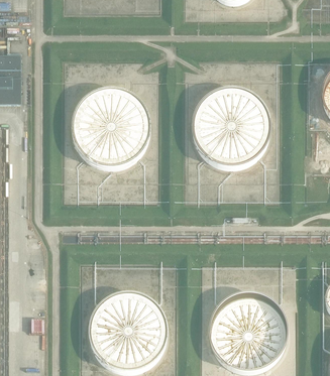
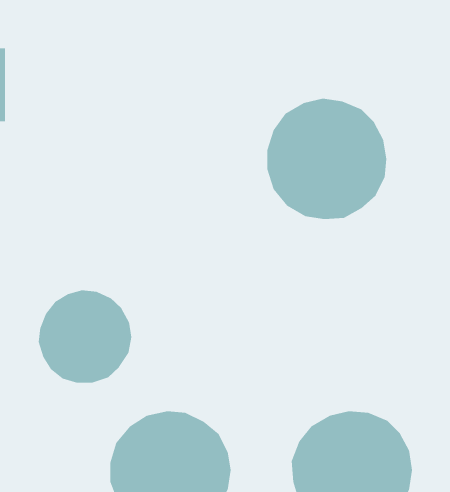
building: [70,89,150,169] -> none
building: none -> [38,289,132,384]

